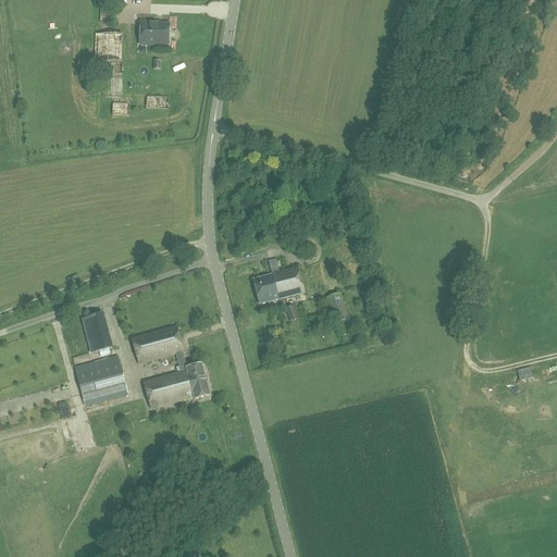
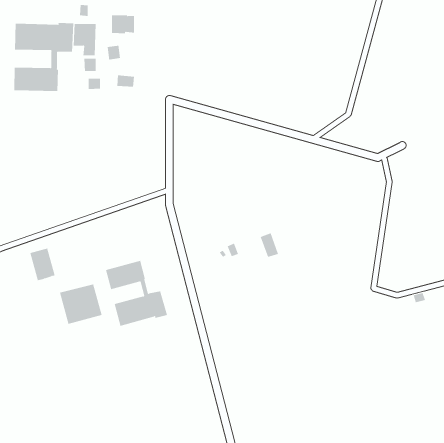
building: none -> [14,22,74,92]
building: [252,267,304,304] -> none
building: [81,311,113,352] -> [29,248,56,281]

